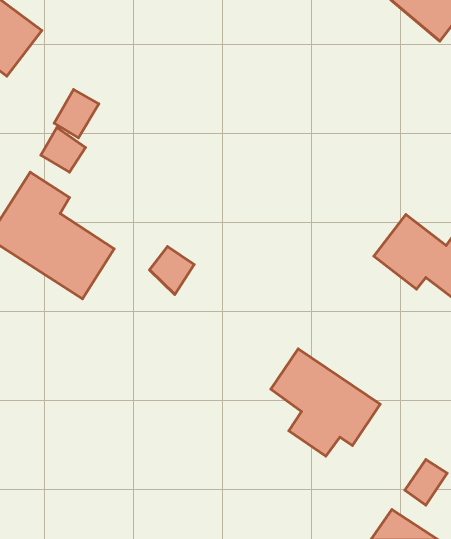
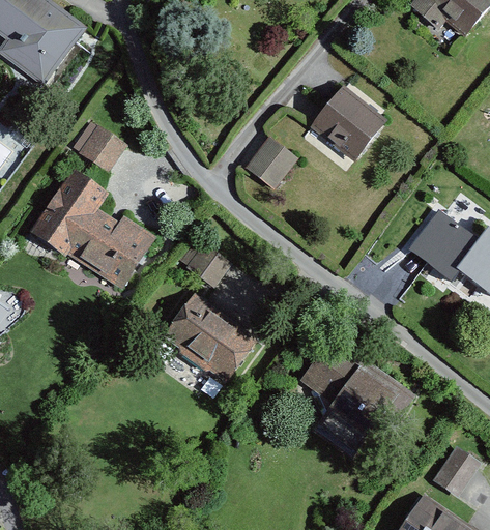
building: none -> [312,87,387,161]
building: [54,89,99,138] -> none
building: none -> [249,135,298,186]
building: none -> [163,294,256,381]

